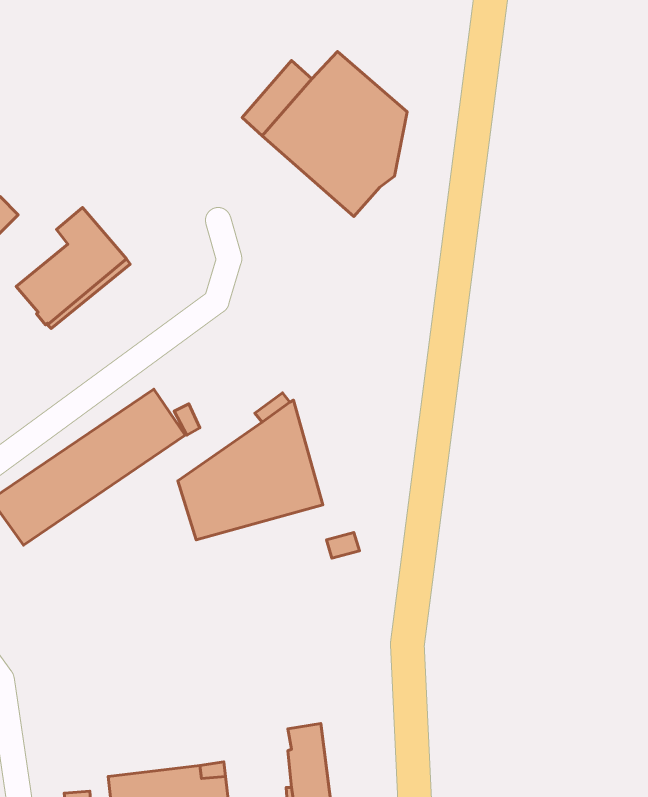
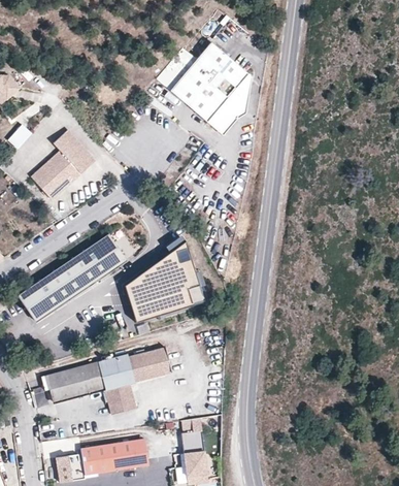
building: none -> [45,348,171,416]

